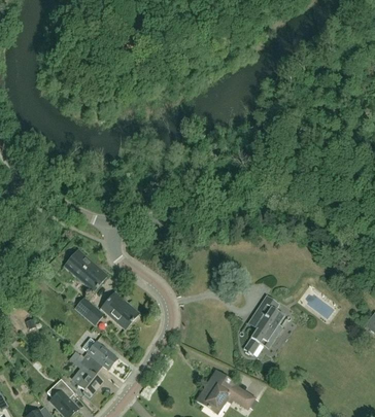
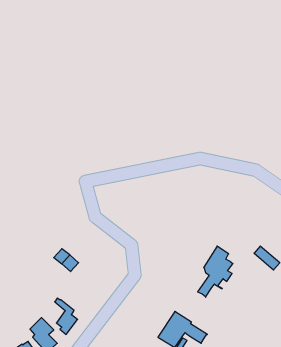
building: [65,249,107,290] -> none
building: [101,291,139,328] -> none
building: [82,338,117,370] -> none

